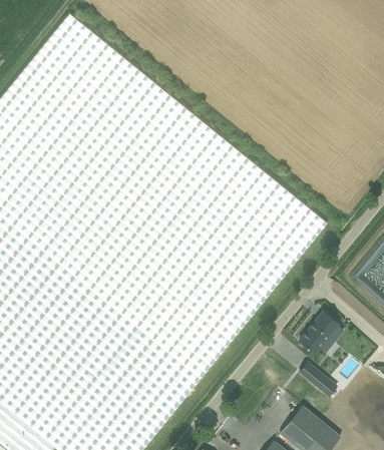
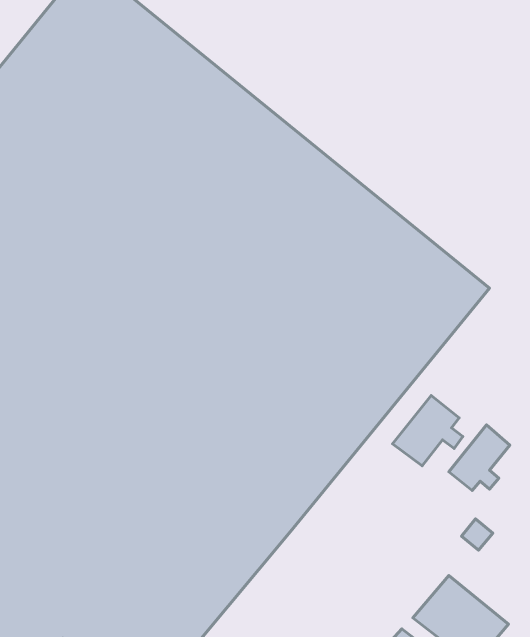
building: none -> [393,396,463,466]

